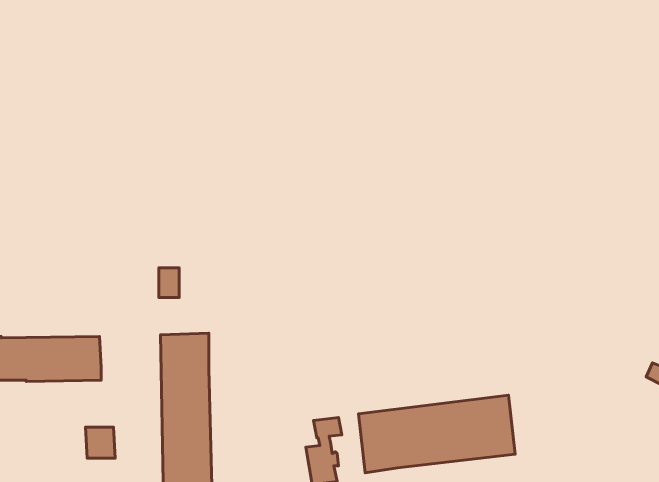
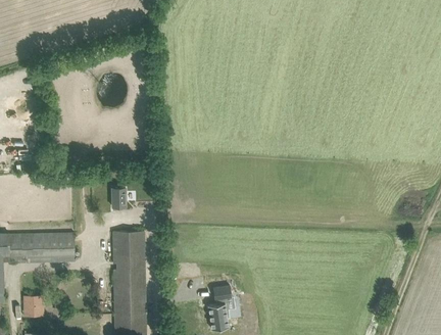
building: [358,395,515,473] -> none
building: [86,427,115,458] -> [23,295,43,316]

